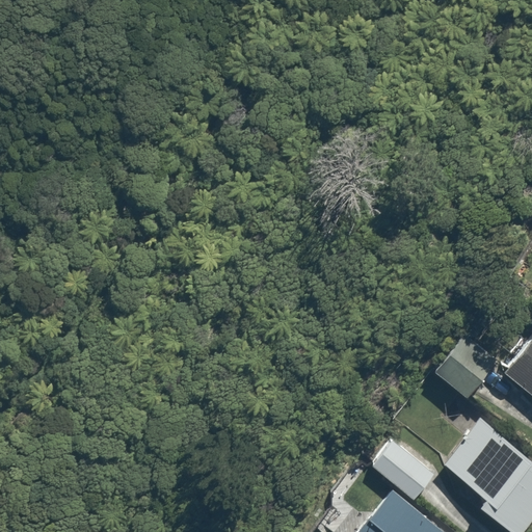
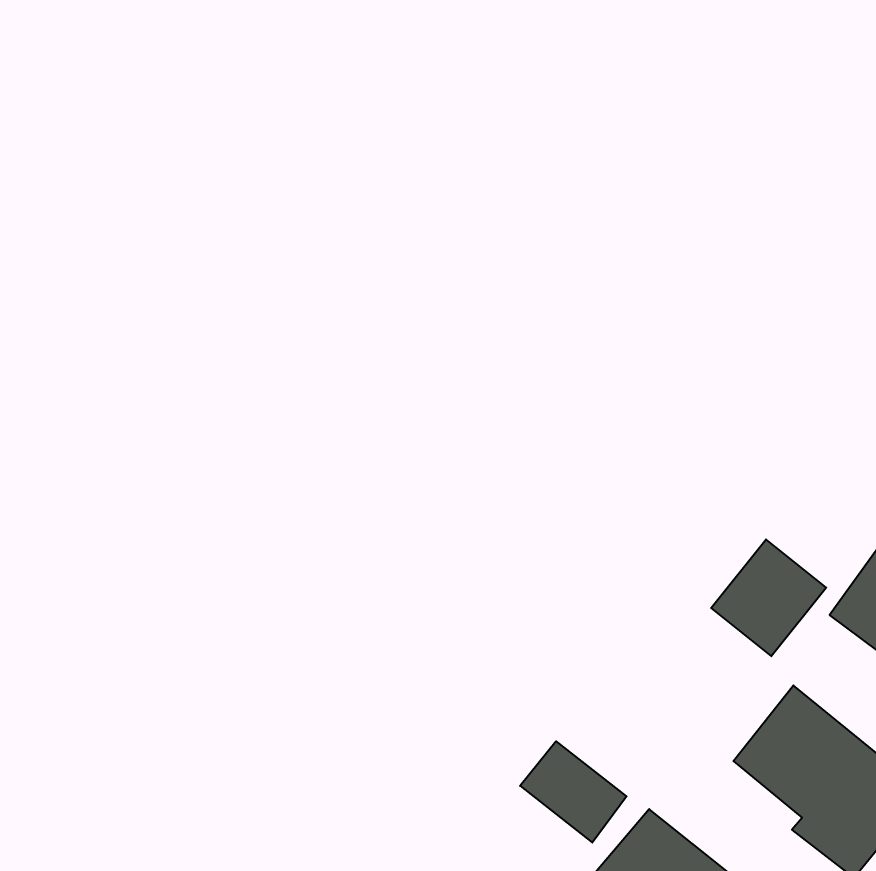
building: [371,440,435,501] -> [520,741,627,843]

